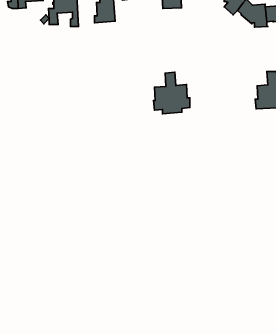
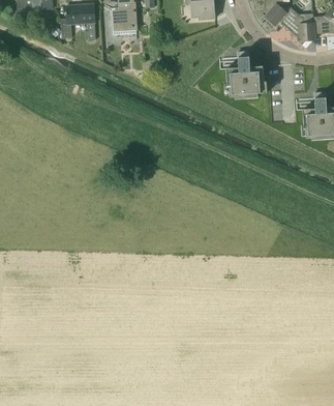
building: [154,72,190,114] -> [224,51,267,99]

